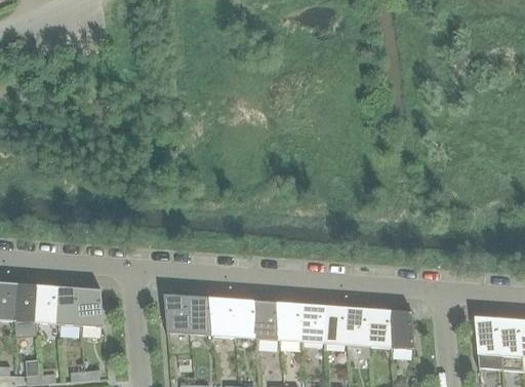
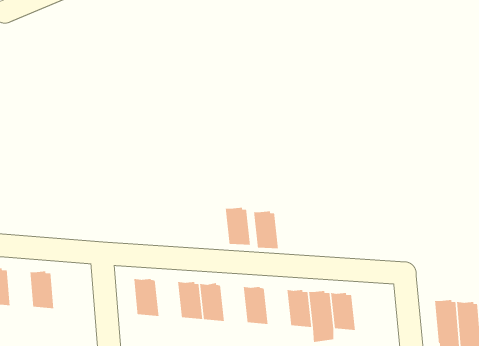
building: [33,284,58,323] -> none
building: [78,287,105,340] -> none
building: [186,295,212,335] -> none
building: [253,300,280,340] -> [225,207,251,246]
building: [298,303,325,343] -> [253,210,279,249]
building: [389,309,415,357] -> none

